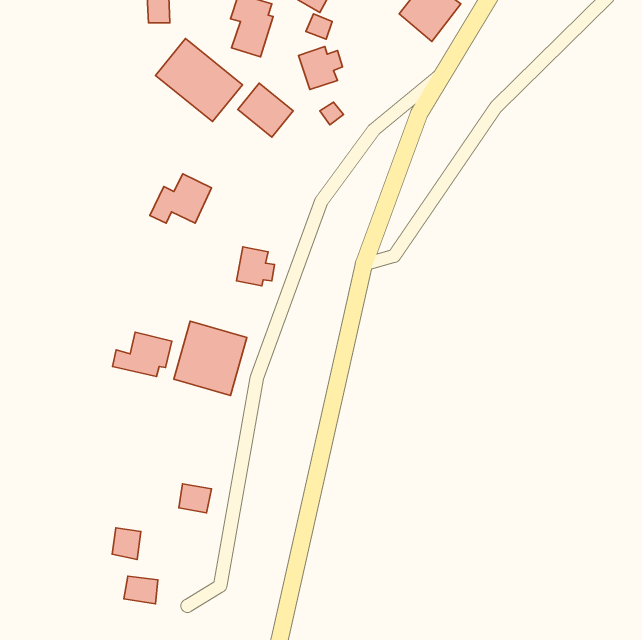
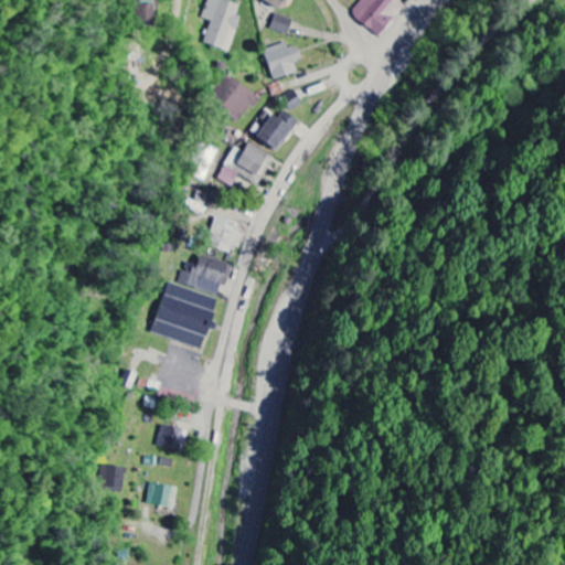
building: [155,38,243,122] -> none
building: none -> [249,109,298,151]
building: [150,174,212,223] -> [217,141,271,184]
building: [113,332,172,376] -> [178,254,230,292]
building: [124,576,158,604] -> [146,481,175,505]

